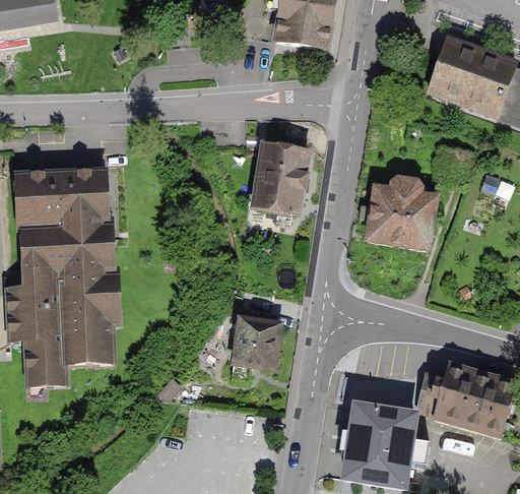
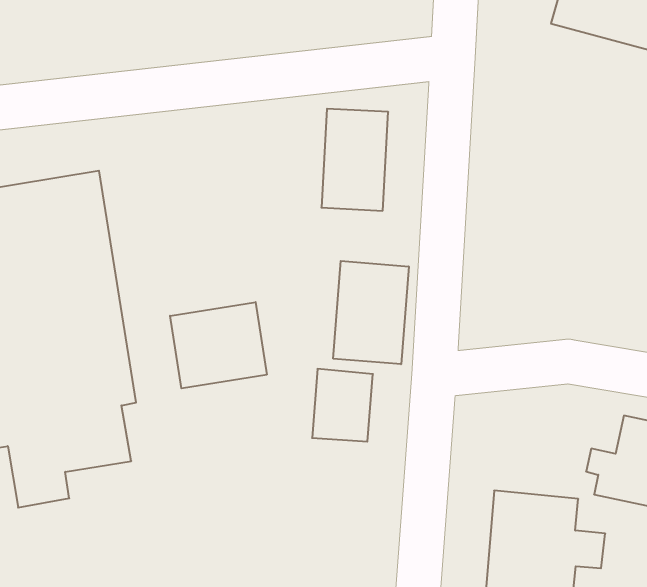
building: [365,179,436,247] -> none
building: none -> [333,261,409,364]
building: none -> [170,302,267,388]

